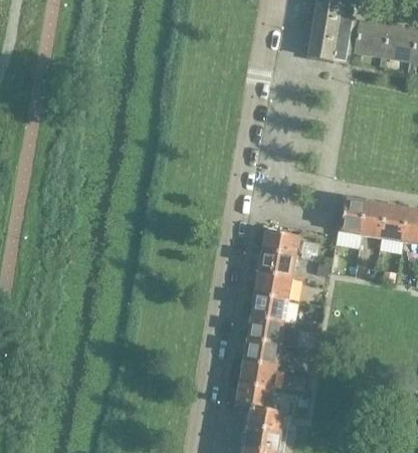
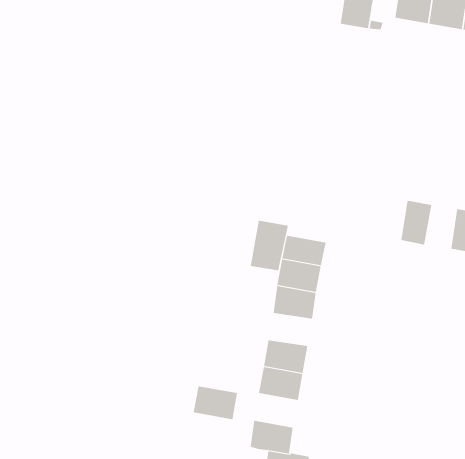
building: [342,197,367,233] -> none
building: [382,204,408,240] -> none
building: none -> [250,220,288,271]
building: [252,293,289,320] -> none
building: [240,360,277,388] -> [193,386,238,420]

